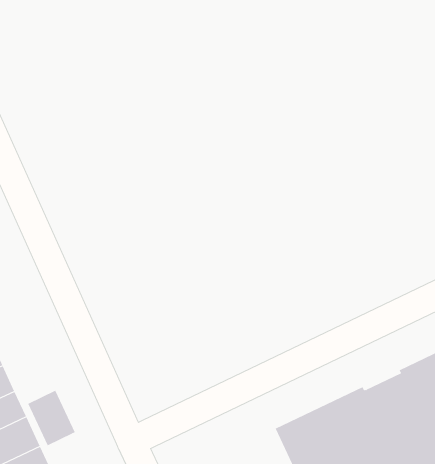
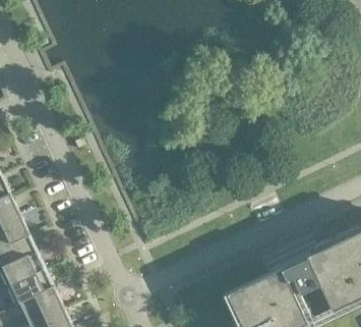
building: [28,390,76,446] -> none

